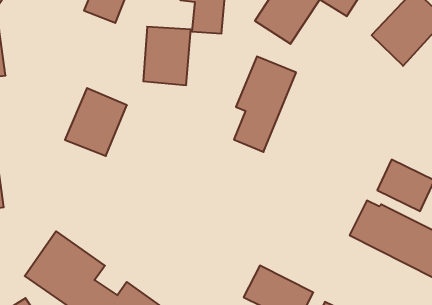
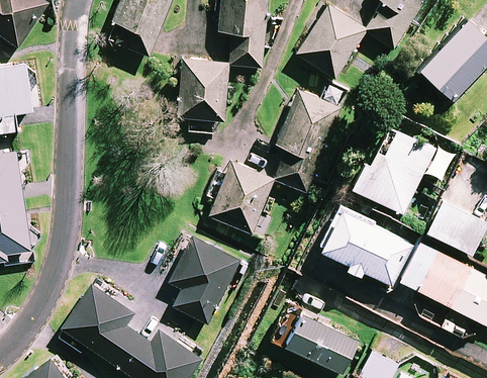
building: [65,88,127,156] -> [207,161,273,232]
building: none -> [351,126,442,214]
building: none -> [315,205,414,287]
building: none -> [165,231,242,328]

